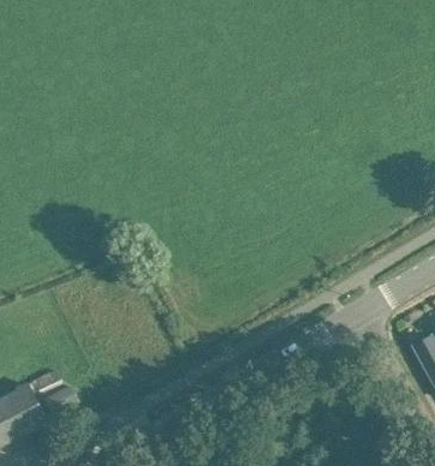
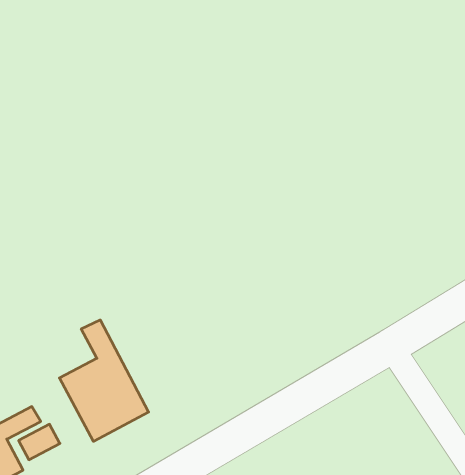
building: none -> [59,320,149,441]

